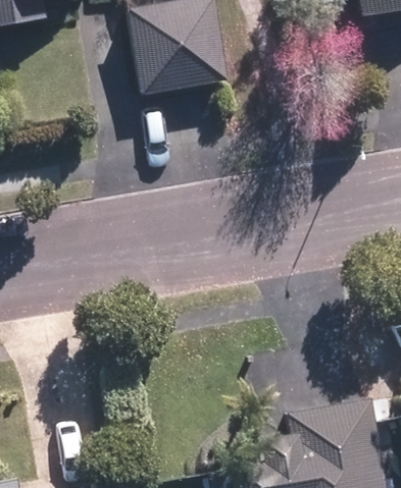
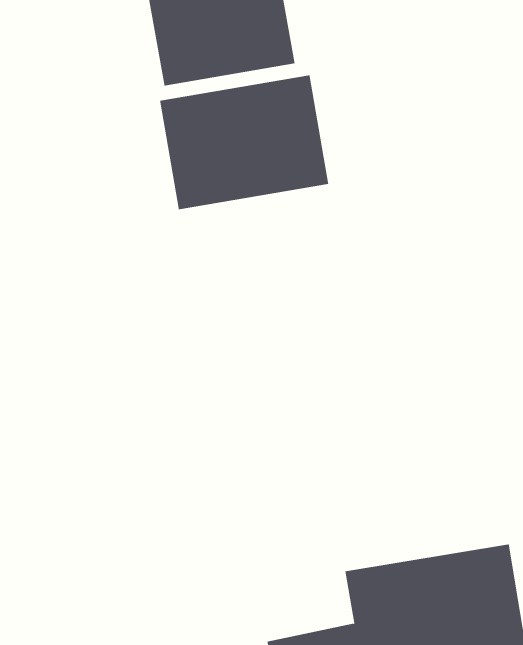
building: none -> [159,75,329,210]

